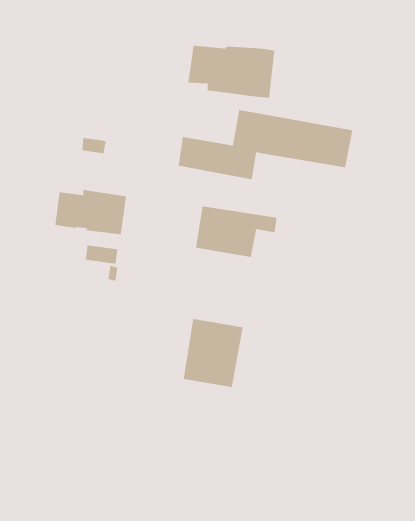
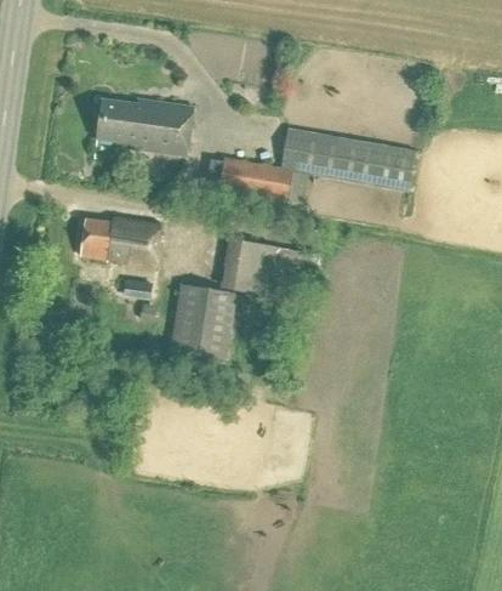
building: [187,45,275,98] -> [93,97,192,157]
building: [183,318,243,388] -> [169,283,236,360]

